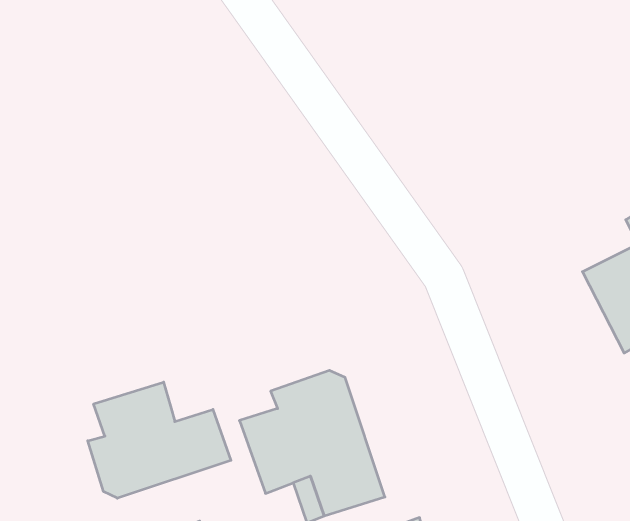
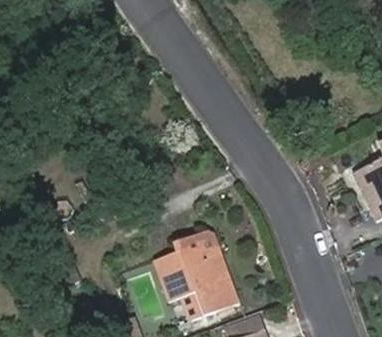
building: [88,382,231,498] -> none

